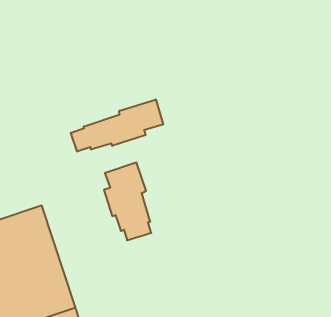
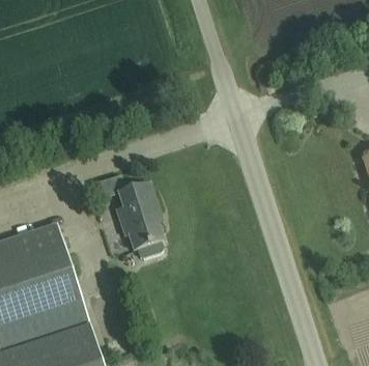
building: [71,99,163,152] -> none

